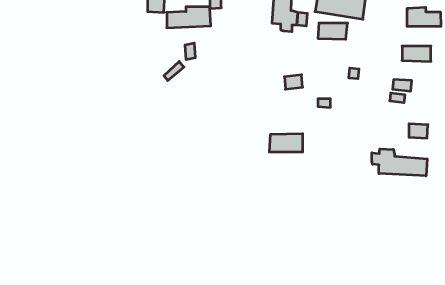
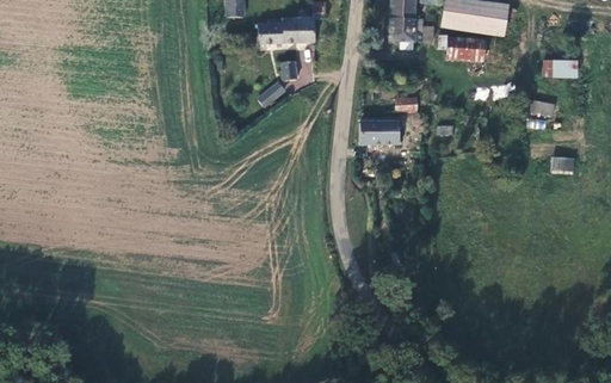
building: [407,7,441,26] -> none
building: [269,134,303,152] -> [360,122,402,144]
building: [372,149,427,176] -> none

